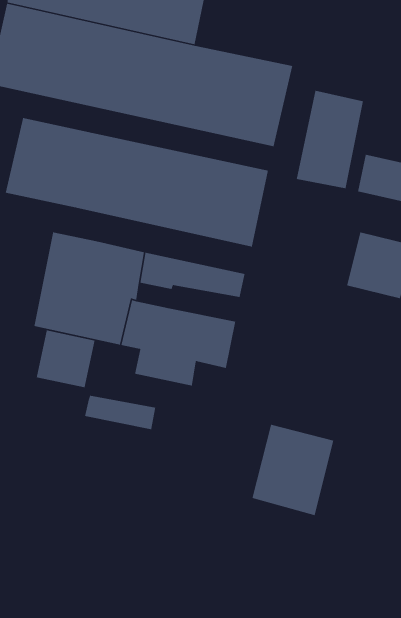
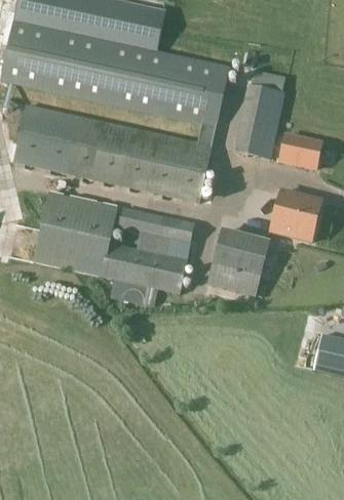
building: [36,330,95,388] -> none
building: [84,395,156,430] -> [136,231,190,257]
building: [251,424,334,516] -> [206,226,269,296]

